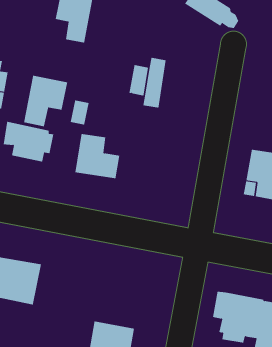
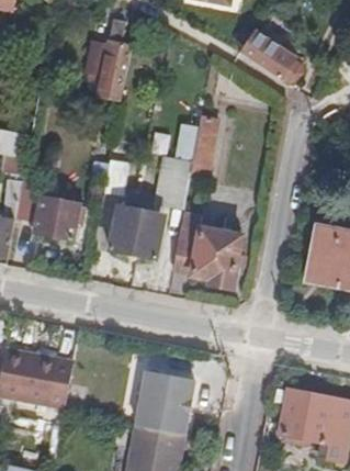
building: [23,75,68,127] -> none
building: none -> [155,157,192,206]
building: none -> [172,213,244,288]
building: none -> [133,372,191,435]

